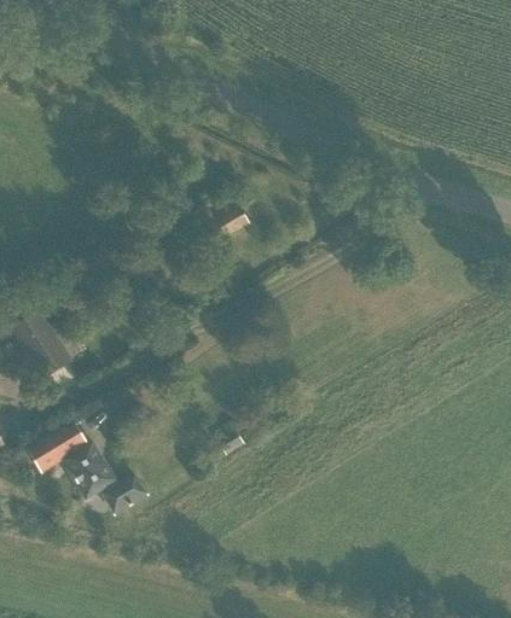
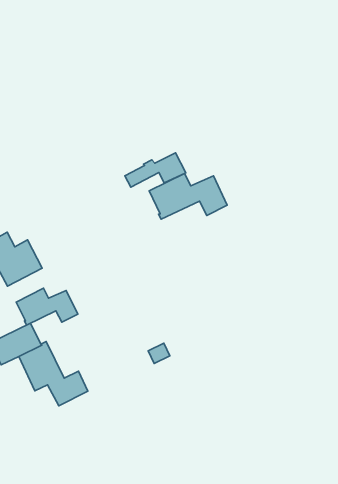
building: none -> [149,173,227,219]
building: none -> [16,288,78,325]

